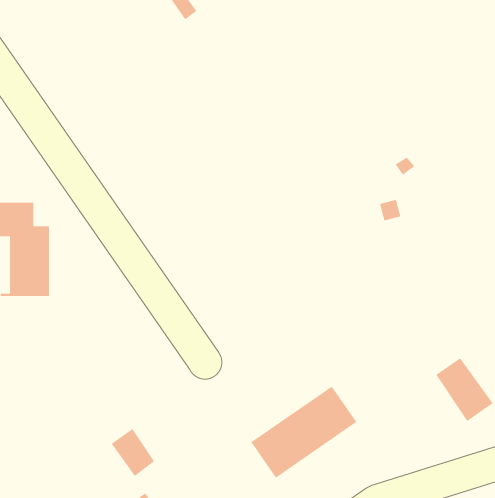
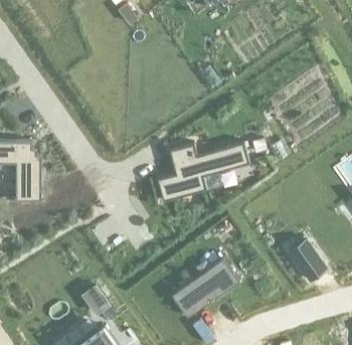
building: none -> [156,142,248,201]

